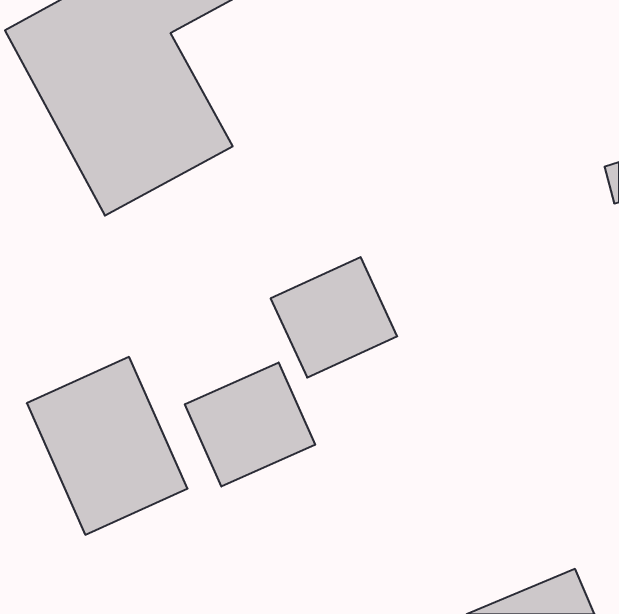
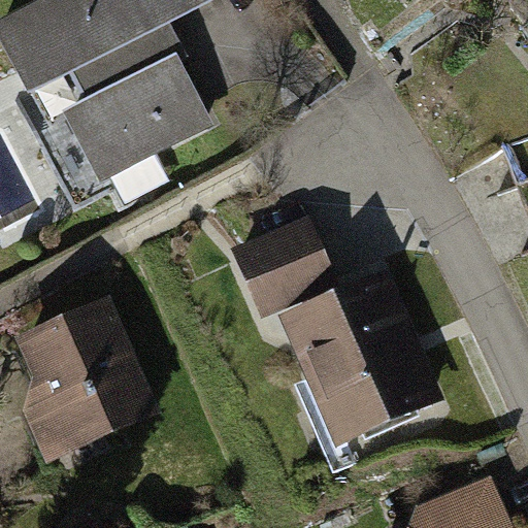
building: none -> [278,276,441,443]
building: [185,362,315,487] -> none

